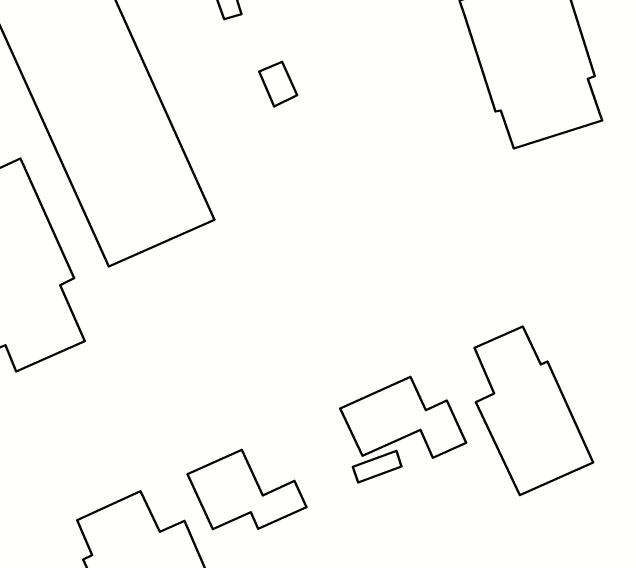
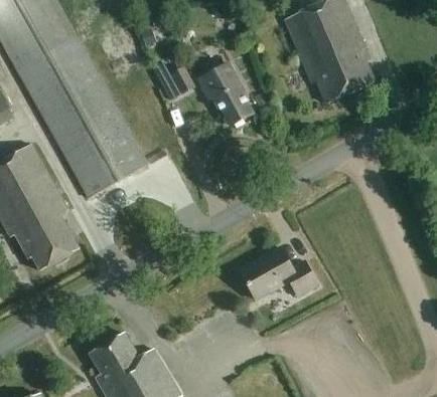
building: none -> [196,63,251,126]
building: [475,326,593,495] -> none
building: [187,450,306,529] -> none

